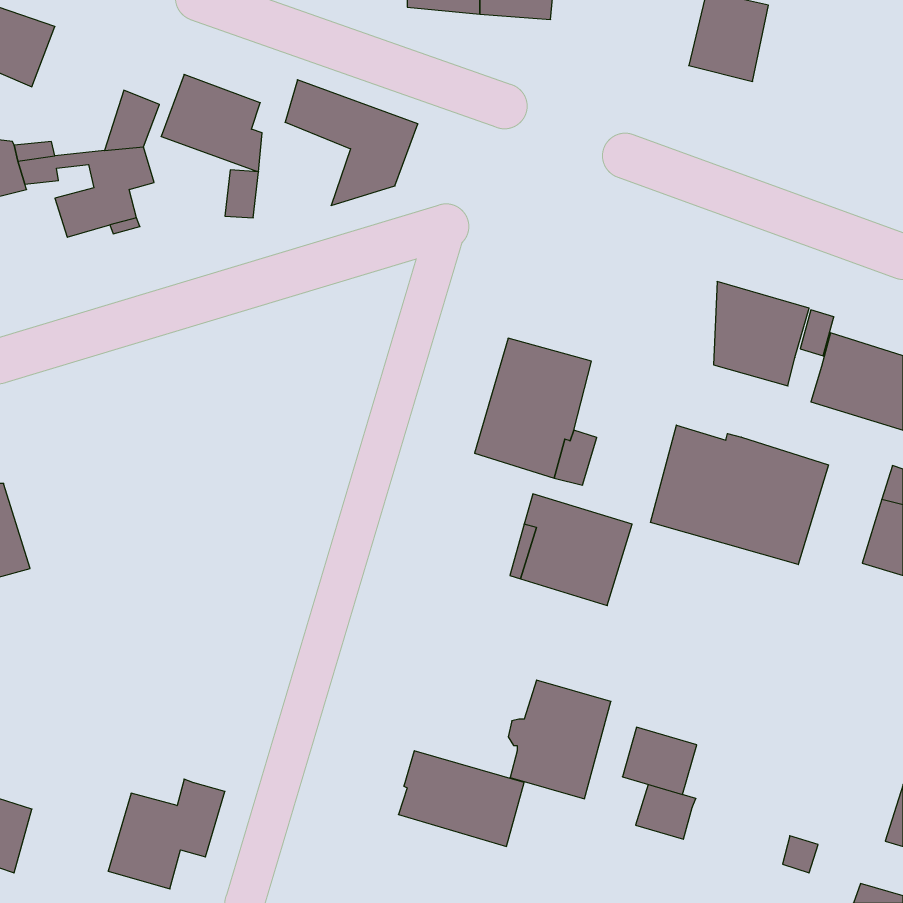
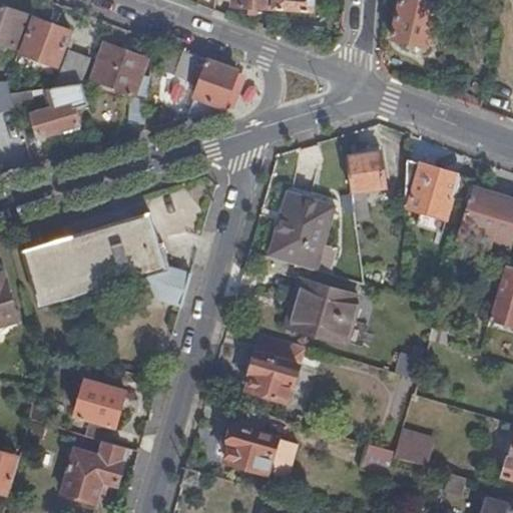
building: none -> [21,16,69,71]
building: none -> [346,152,385,190]
building: none -> [23,212,189,307]
building: [650,425,828,565] -> none
building: none -> [74,379,124,443]
building: [508,680,611,799] -> [244,334,303,401]
building: [622,727,697,795] -> [395,427,437,465]

